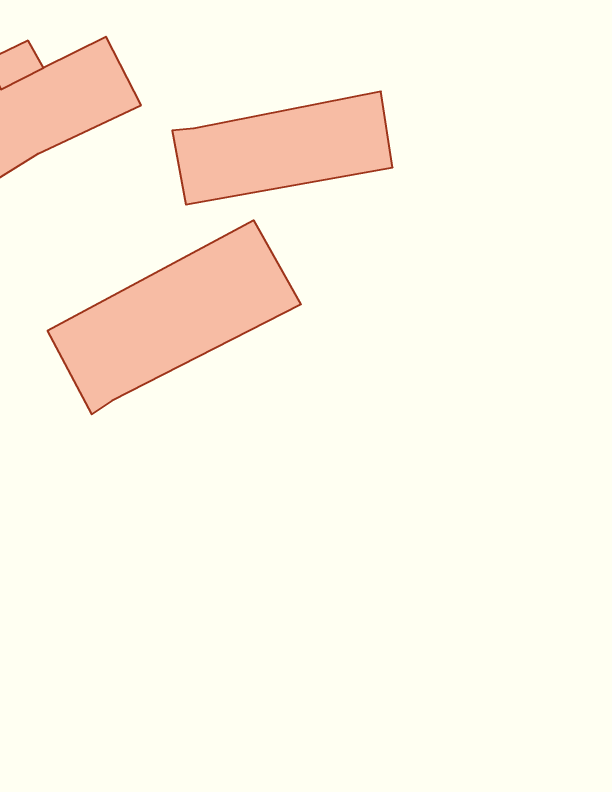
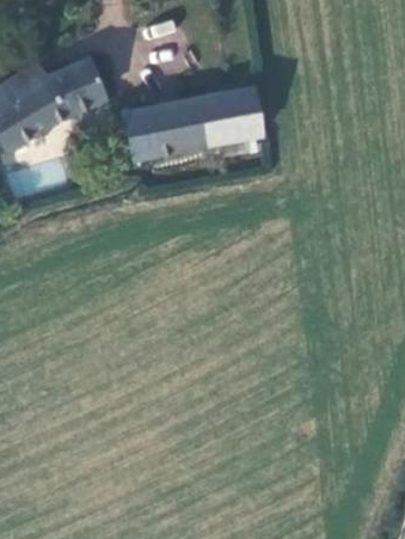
building: [48,220,301,414] -> none

